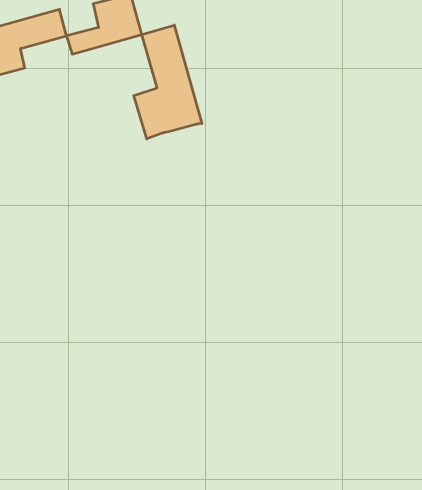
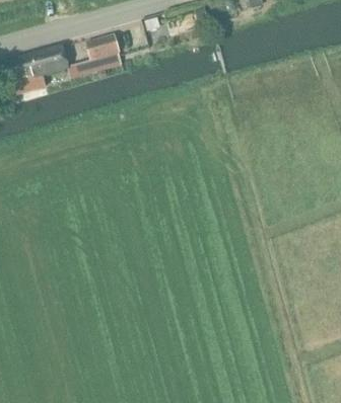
building: [134,25,202,139] -> none

